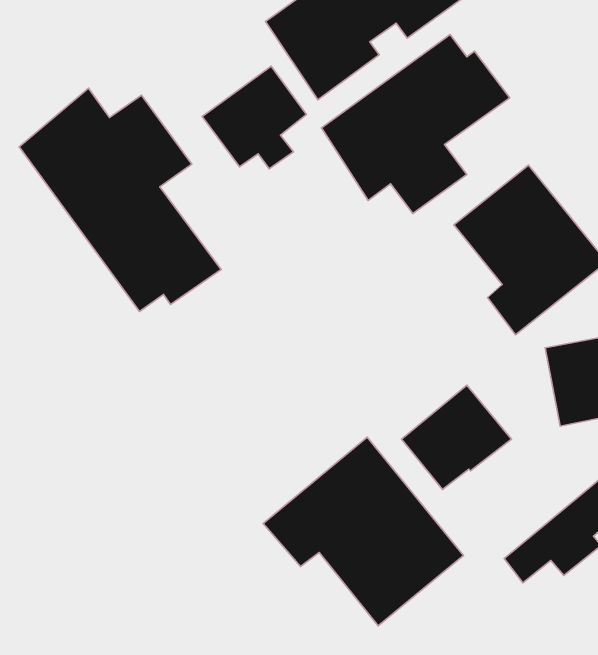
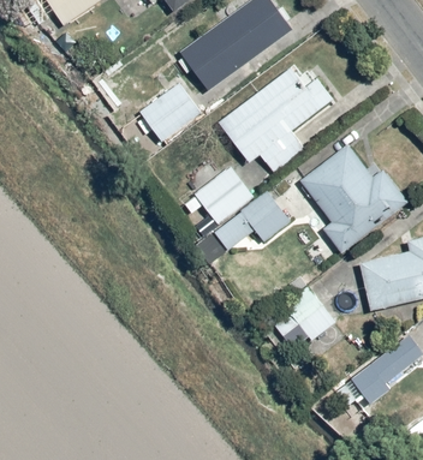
building: [19,88,221,311] -> none
building: none -> [191,161,298,250]
building: [263,437,464,626] -> none

